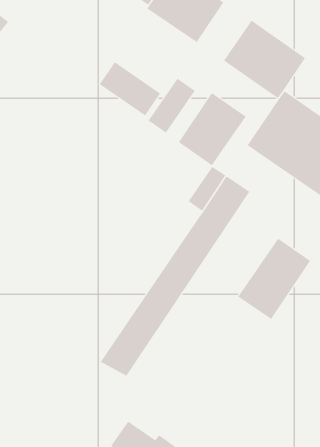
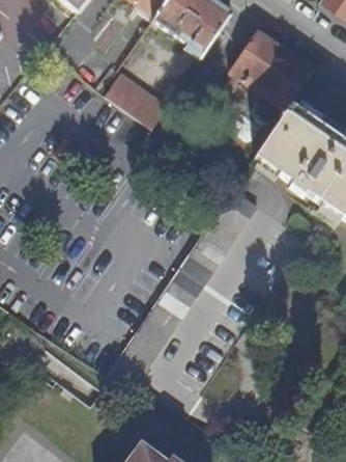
building: [148,78,195,133] -> none
building: [178,92,246,166] -> none
building: [237,238,311,320] -> none

